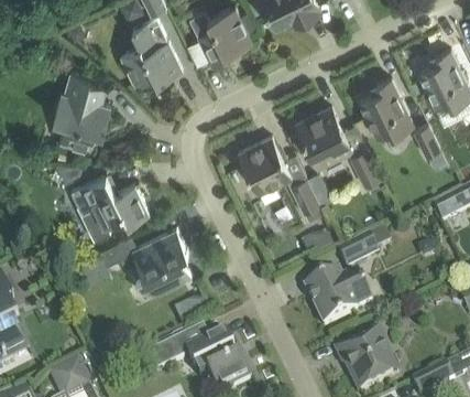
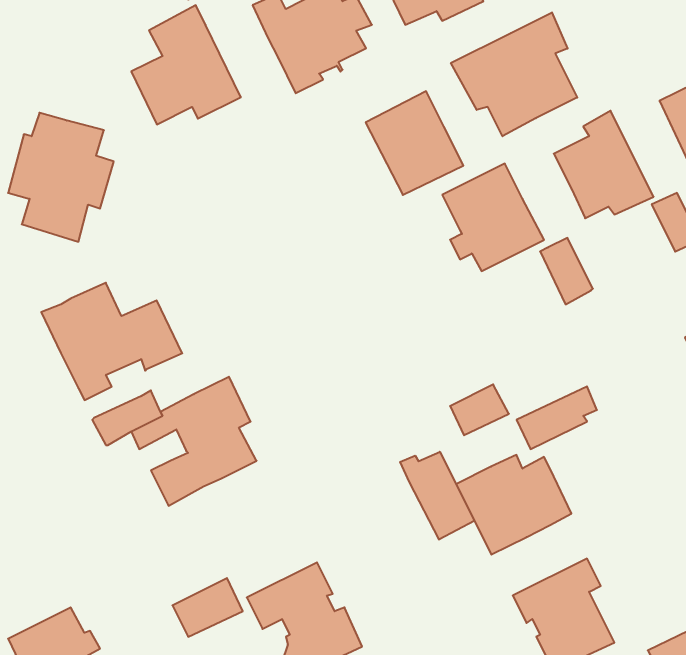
building: none -> [451,12,577,136]
building: [237,132,292,191] -> [366,91,463,195]
building: [288,174,320,212] -> none
building: none -> [400,452,474,540]

